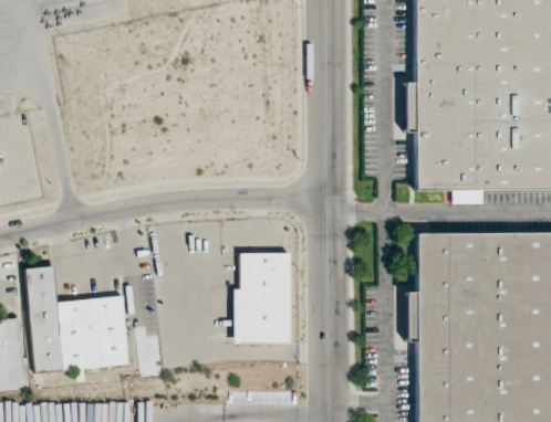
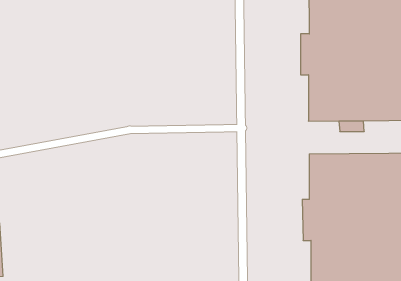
building: [233,253,291,344] -> none
building: [28,266,131,372] -> none

